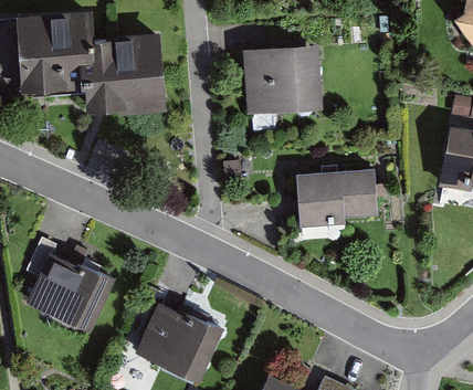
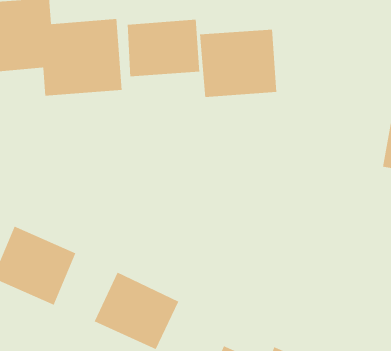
building: none -> [127,19,200,77]
building: [296,166,383,228] -> none

